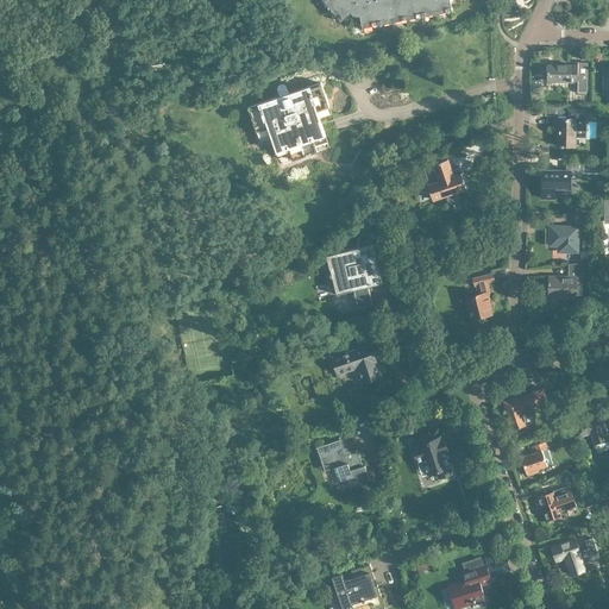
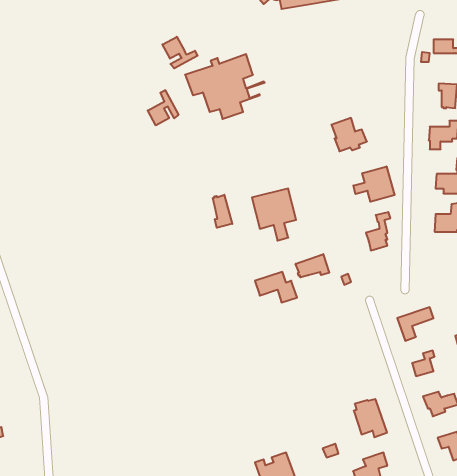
building: none -> [162,37,198,68]
building: none -> [148,90,178,125]
building: none -> [353,166,395,202]
building: none -> [213,195,232,228]
building: none -> [296,254,329,277]
building: [412,433,452,479] -> [354,399,387,437]
building: [315,434,369,488] -> none

